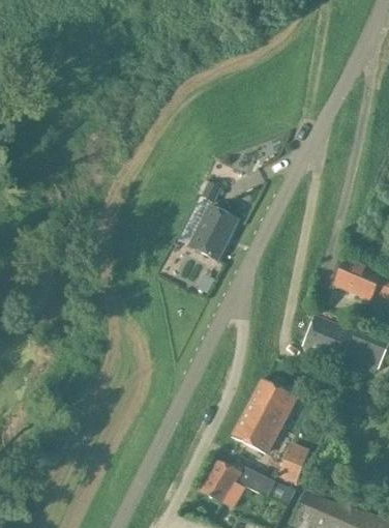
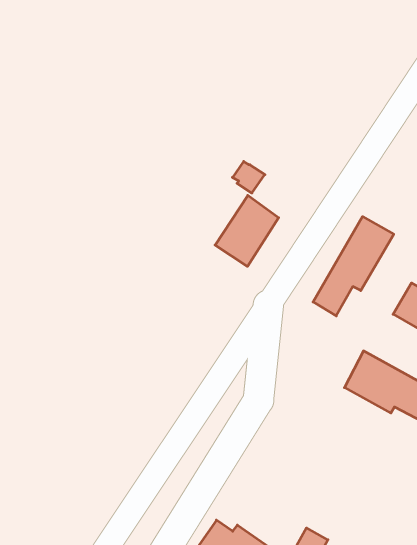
building: none -> [313,217,394,316]
building: [231,379,297,456] -> none

